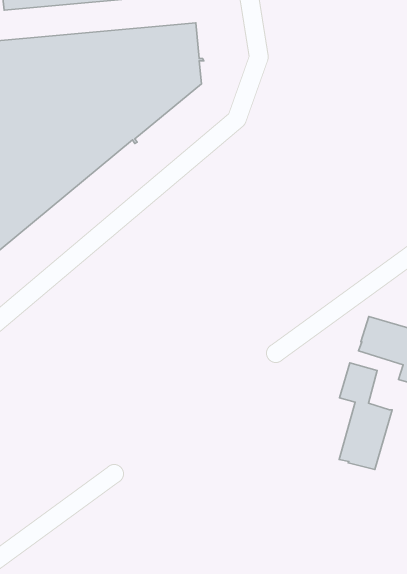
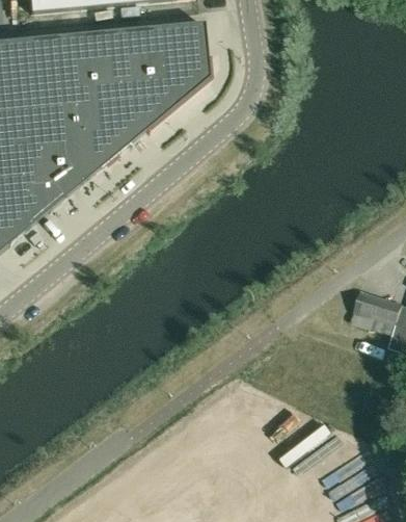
building: [339,363,392,470] -> none

